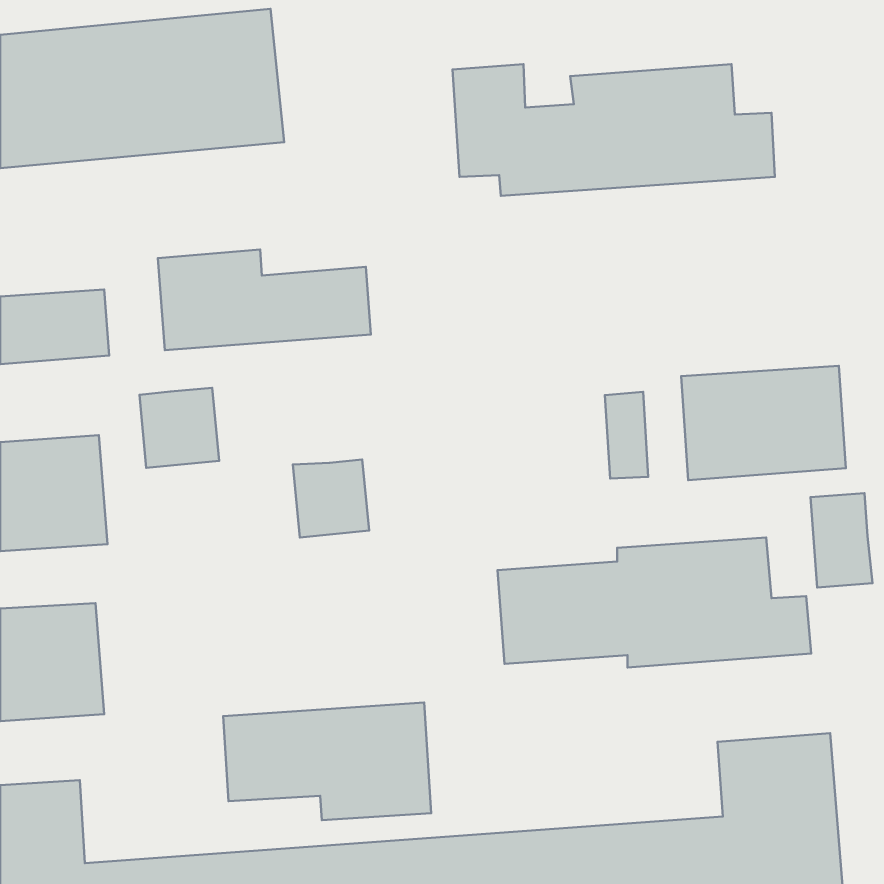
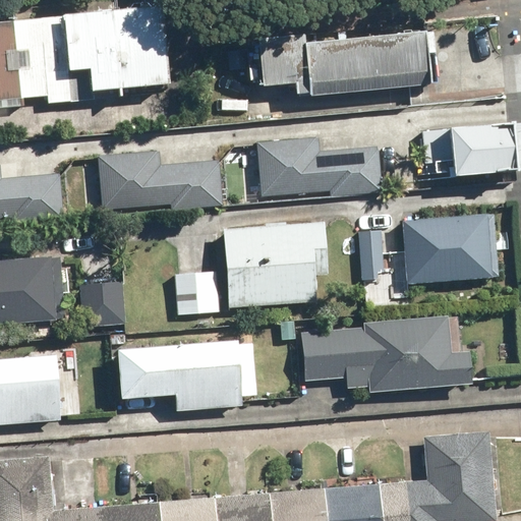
building: none -> [419,127,508,179]
building: none -> [252,135,378,194]
building: none -> [222,223,327,309]
building: [139,388,219,468] -> [77,282,124,329]
building: [810,493,872,587] -> none
building: [223,702,431,820] -> [119,341,241,410]

